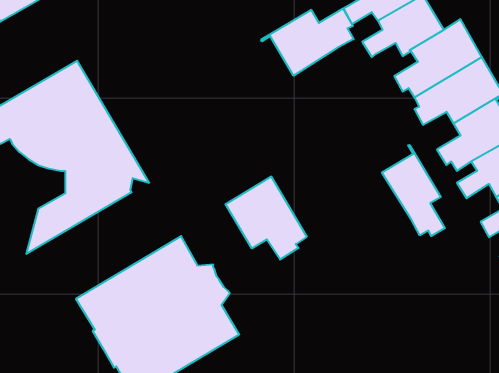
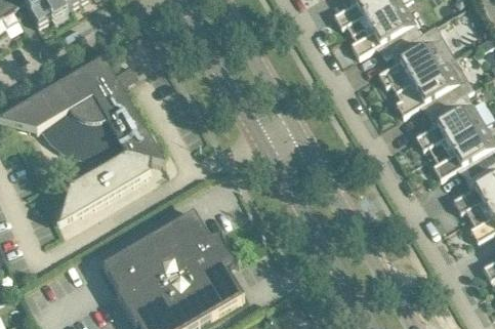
building: [261,9,354,76] -> none
building: [382,145,445,236] -> none
building: [226,176,307,260] -> none

